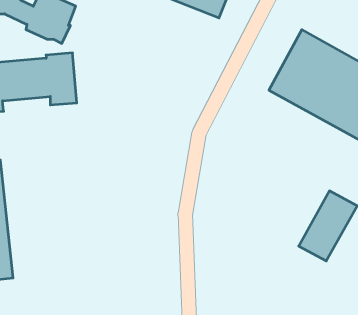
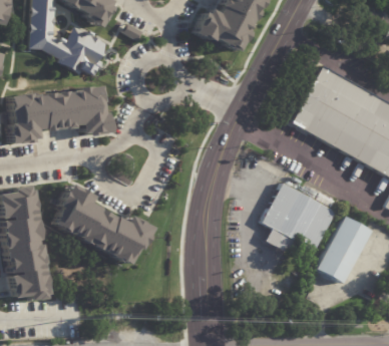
building: none -> [49,184,147,262]
building: none -> [262,184,335,254]

